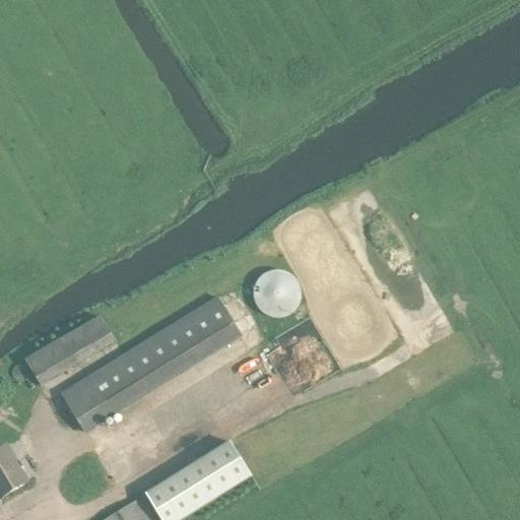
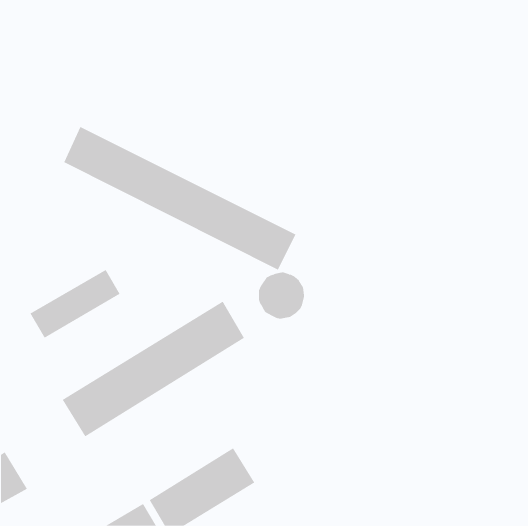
building: none -> [63,126,296,270]
building: [25,316,115,384] -> [30,269,121,338]

